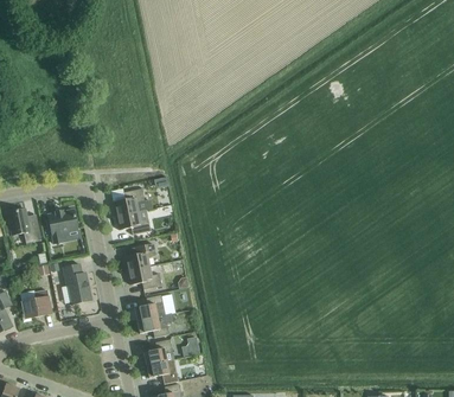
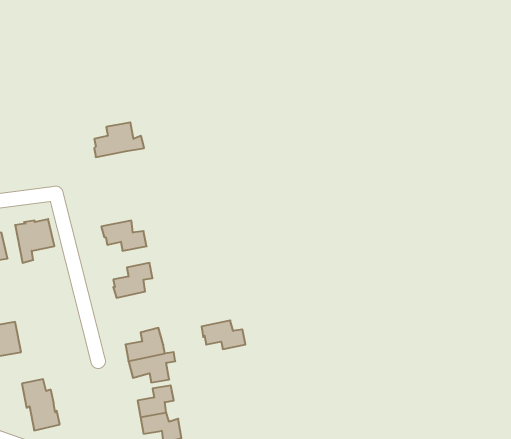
building: [114,187,153,214] -> [94,122,144,157]
building: [63,263,92,303] -> [22,379,60,430]
building: [127,265,161,288] -> [202,320,245,349]

